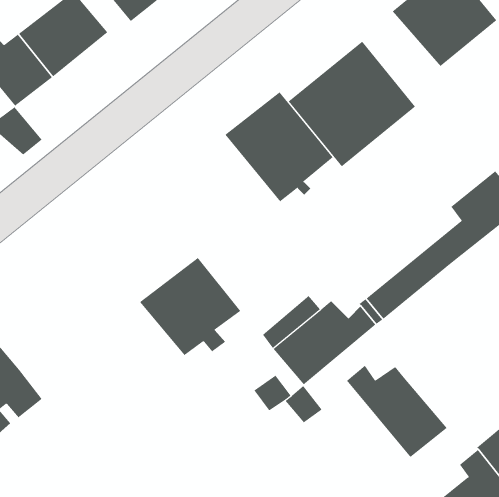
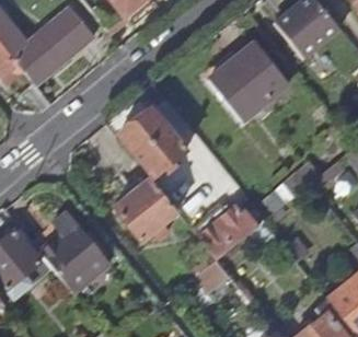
building: [225,92,334,202] -> [117,107,186,177]
building: none -> [38,212,107,291]
building: [346,365,447,458] -> none

